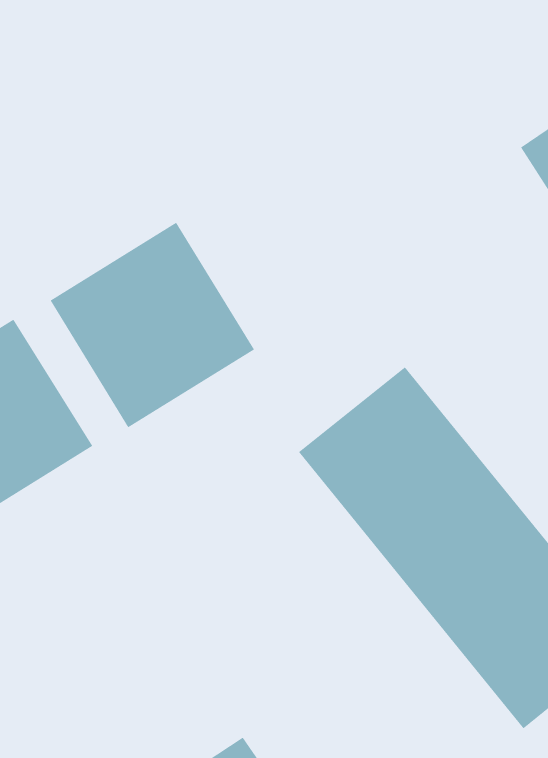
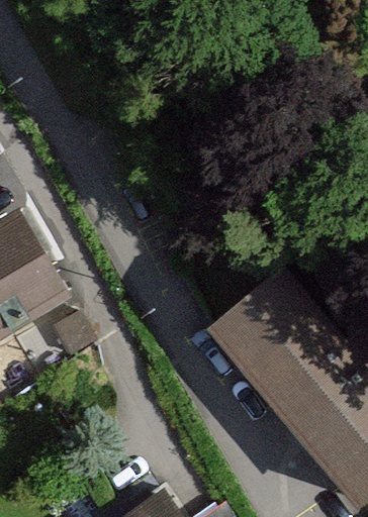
building: [50,222,255,428] -> none

